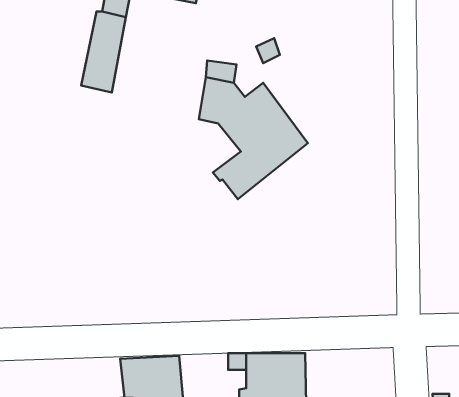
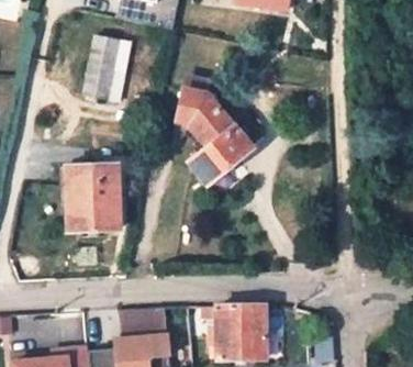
building: none -> [65,166,121,233]

